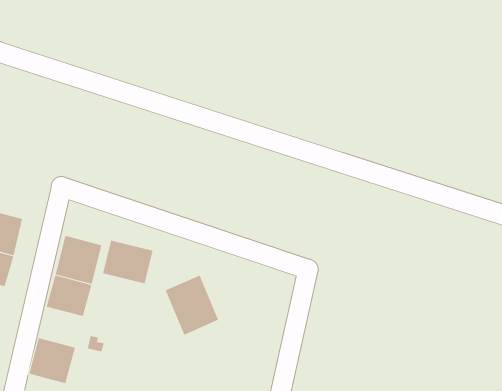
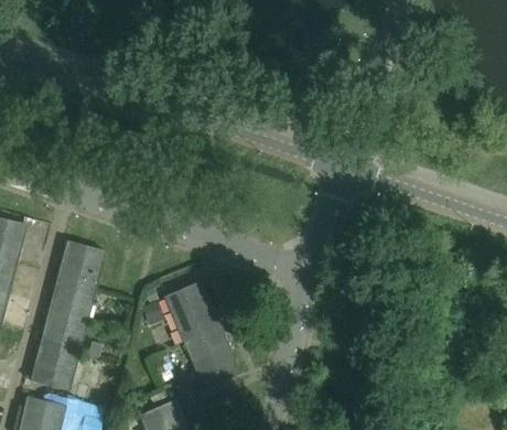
building: [102,240,153,284] -> none
building: none -> [40,313,85,354]
building: none -> [185,326,240,387]

